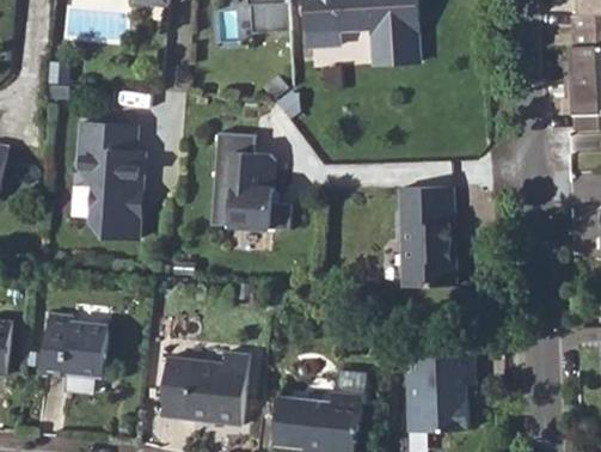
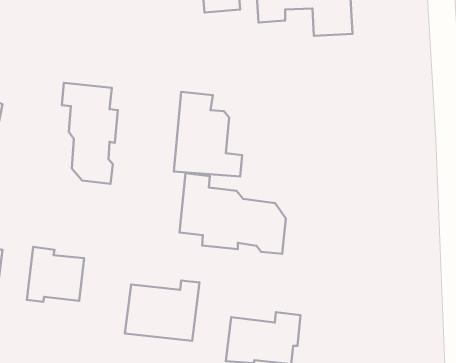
building: [403,188,458,288] -> none
building: none -> [180,173,286,254]
building: [403,354,476,432] -> none

